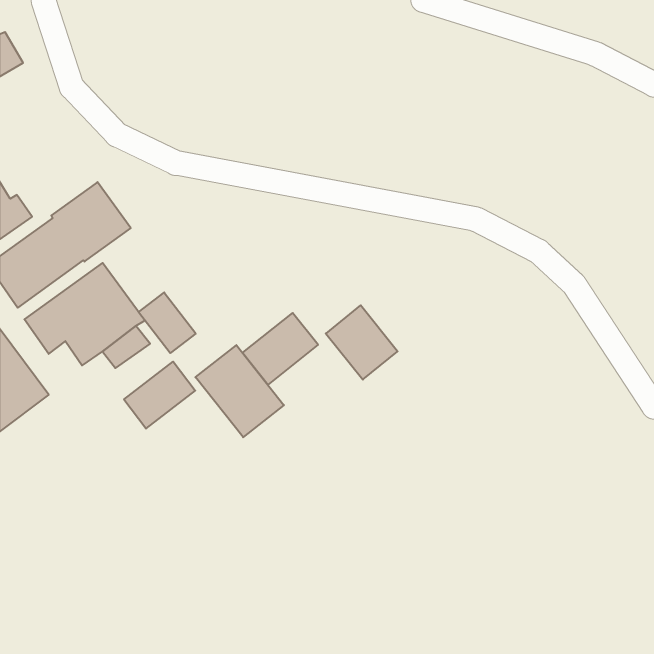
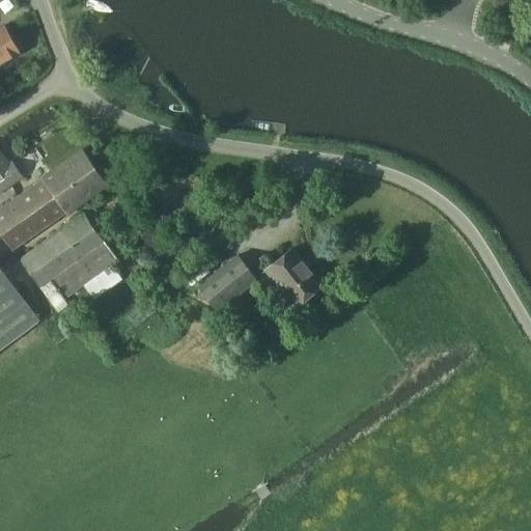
building: [139,292,196,353] -> none
building: [195,345,284,437] -> none
building: [124,362,195,429] -> none

